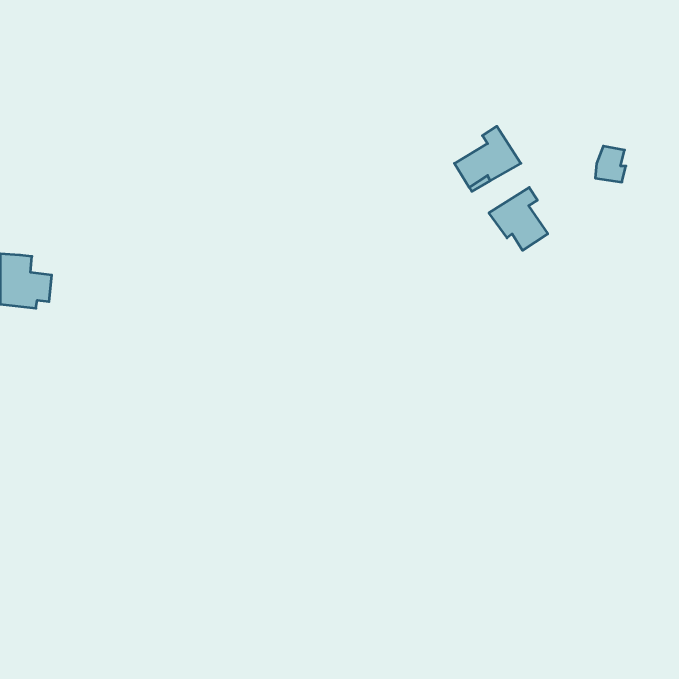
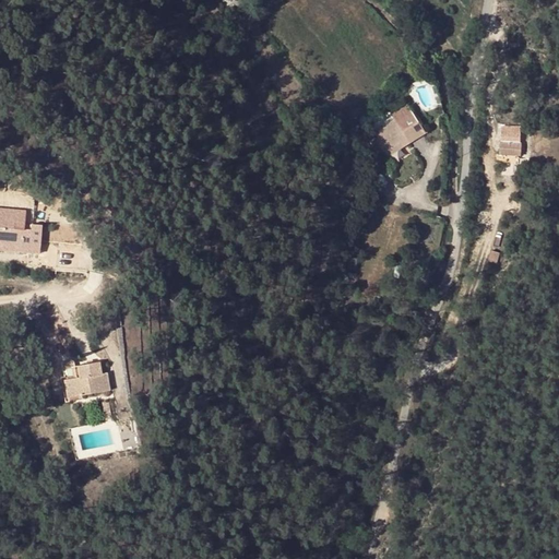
building: [489,187,548,250] -> none
building: none -> [62,361,110,397]

